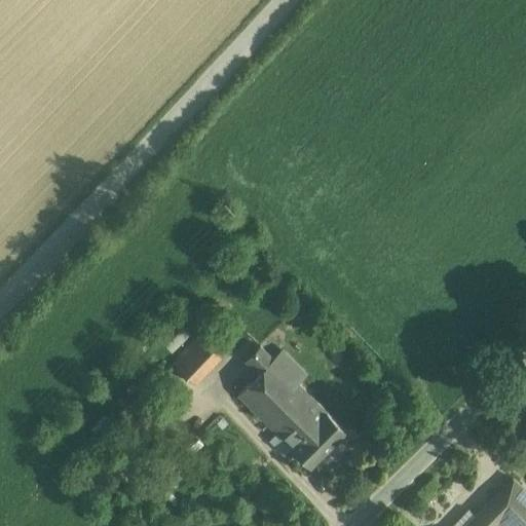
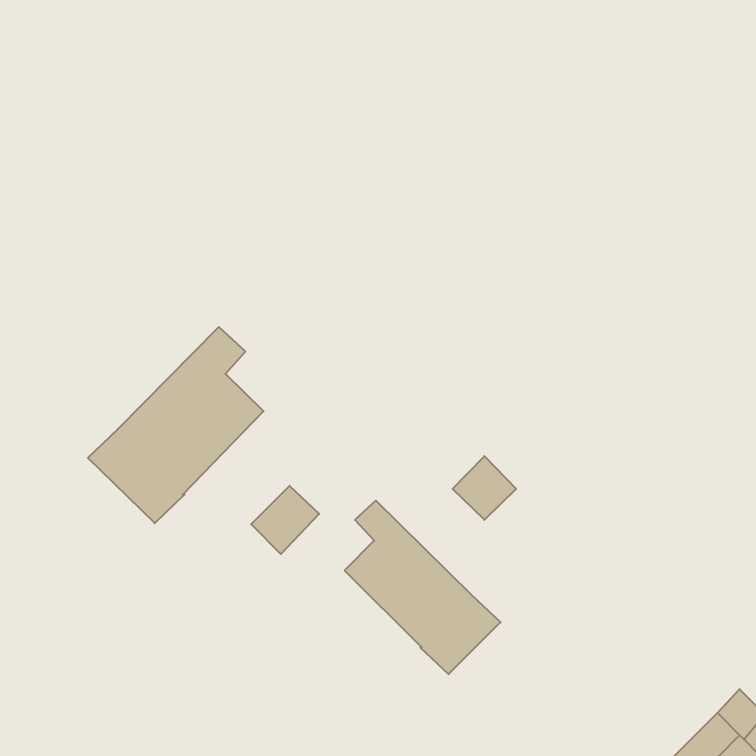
building: none -> [88,327,264,523]
building: none -> [453,456,516,520]

